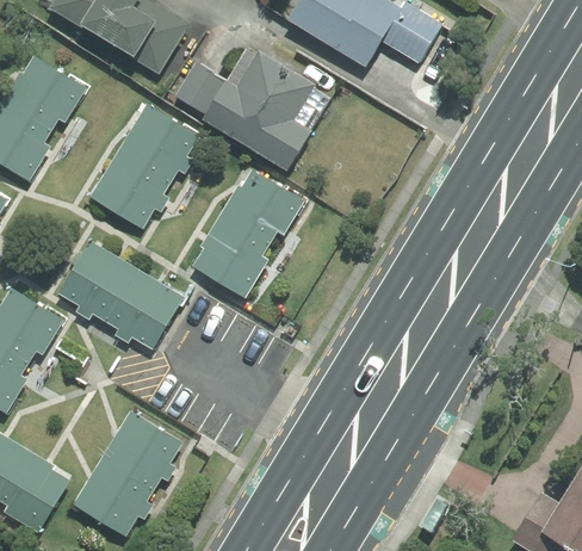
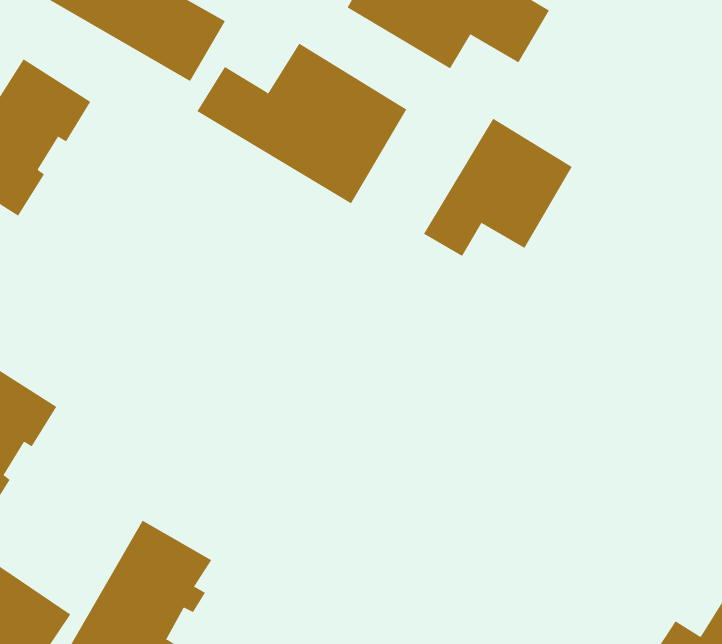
building: [88,100,198,230] -> none
building: none -> [423,118,573,257]
building: [193,174,302,296] -> none
building: [57,242,181,348] -> none

